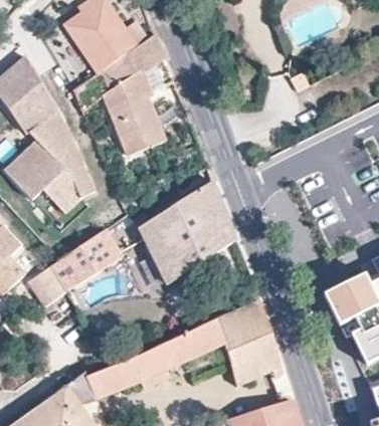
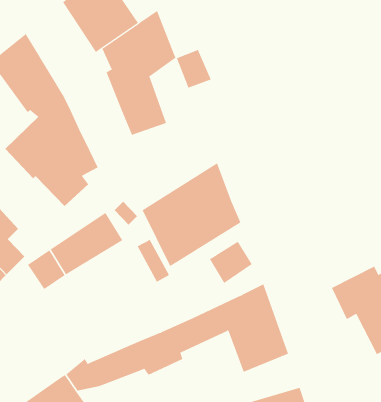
building: none -> [176,49,211,89]
building: none -> [209,241,253,284]

